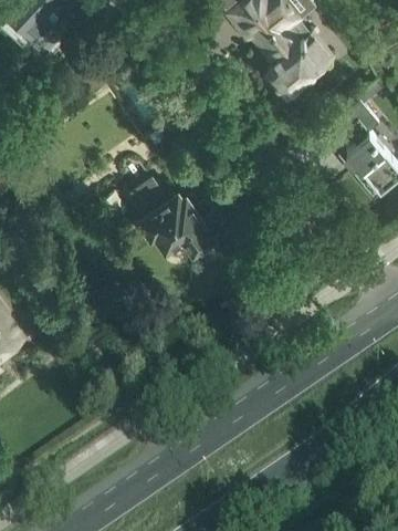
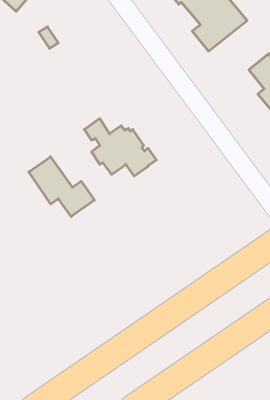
building: none -> [29,157,94,217]

